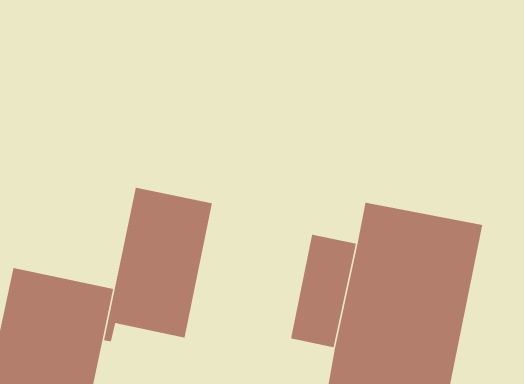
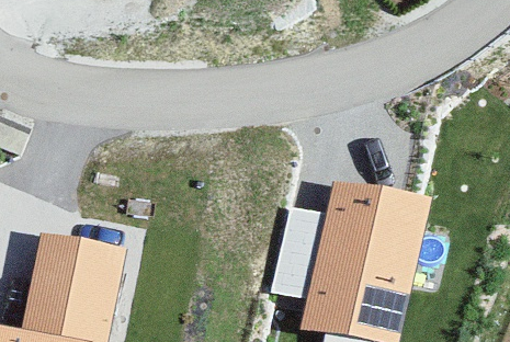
building: [103,187,213,342] -> none

